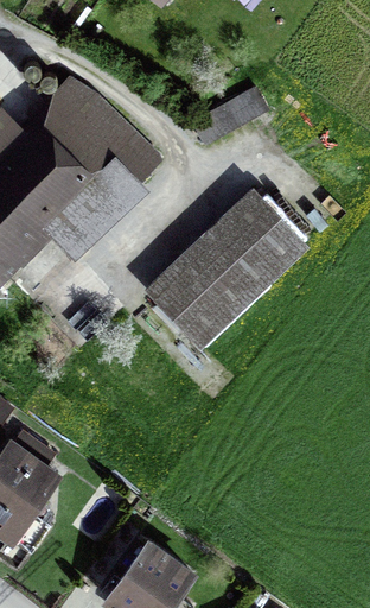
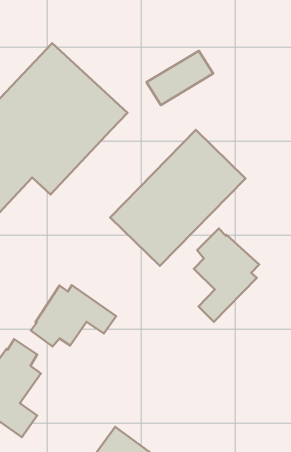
building: none -> [194,228,259,322]
building: none -> [31,285,116,346]

